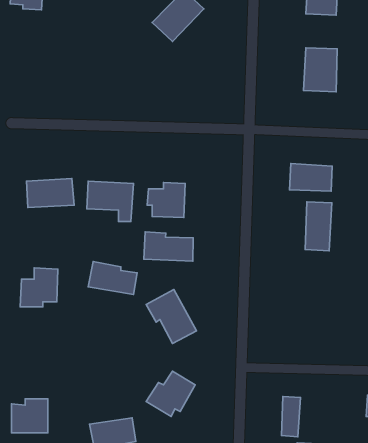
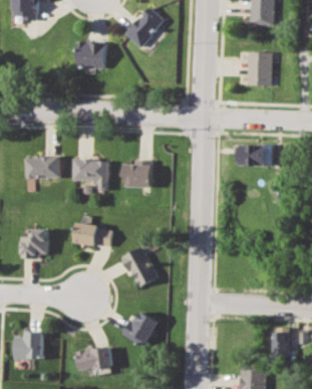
building: none -> [76,42,105,68]
building: [305,202,332,251] -> none
building: [144,232,193,261] -> none
building: [282,396,300,437] -> [272,327,287,359]

